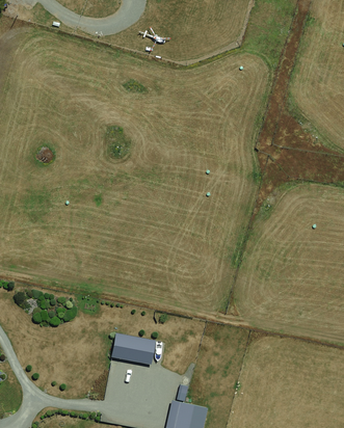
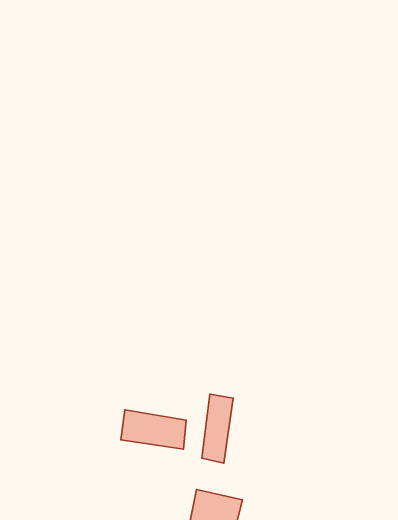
building: none -> [202,394,233,463]

